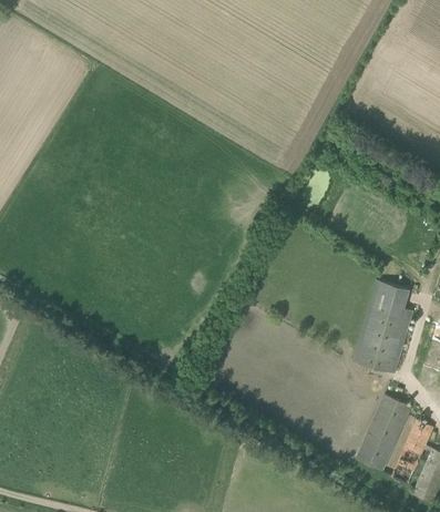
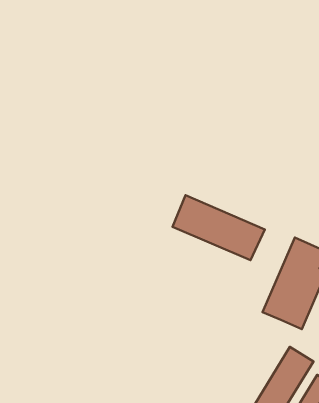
building: none -> [172,195,265,260]

